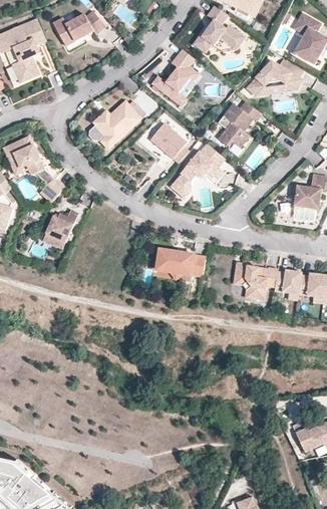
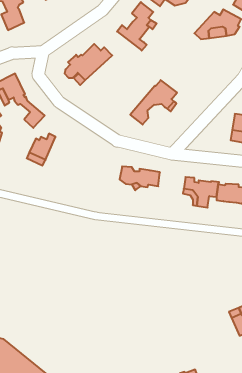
building: [219,100,262,147] -> none
building: [150,121,190,163] -> none

